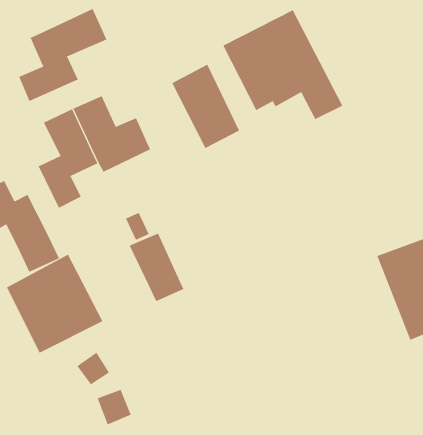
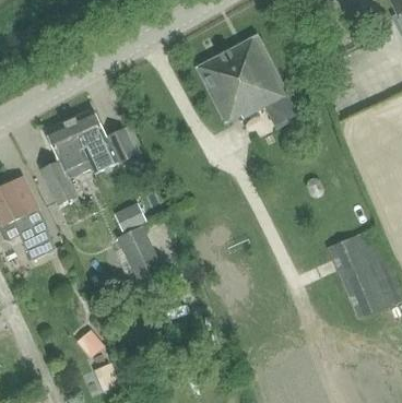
building: [18,8,107,102] -> none
building: [172,64,240,149] -> none
building: [6,254,103,353] -> none

